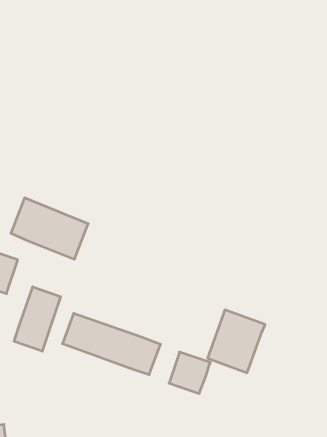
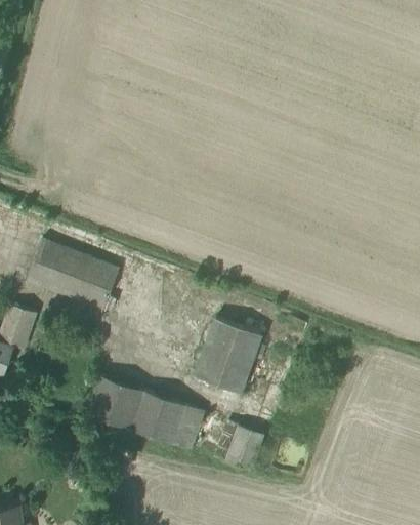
building: [14,287,61,351] -> none
building: [208,310,265,373] -> [194,318,262,393]

